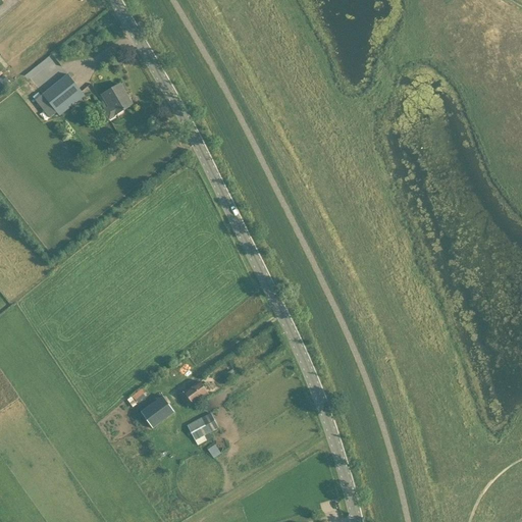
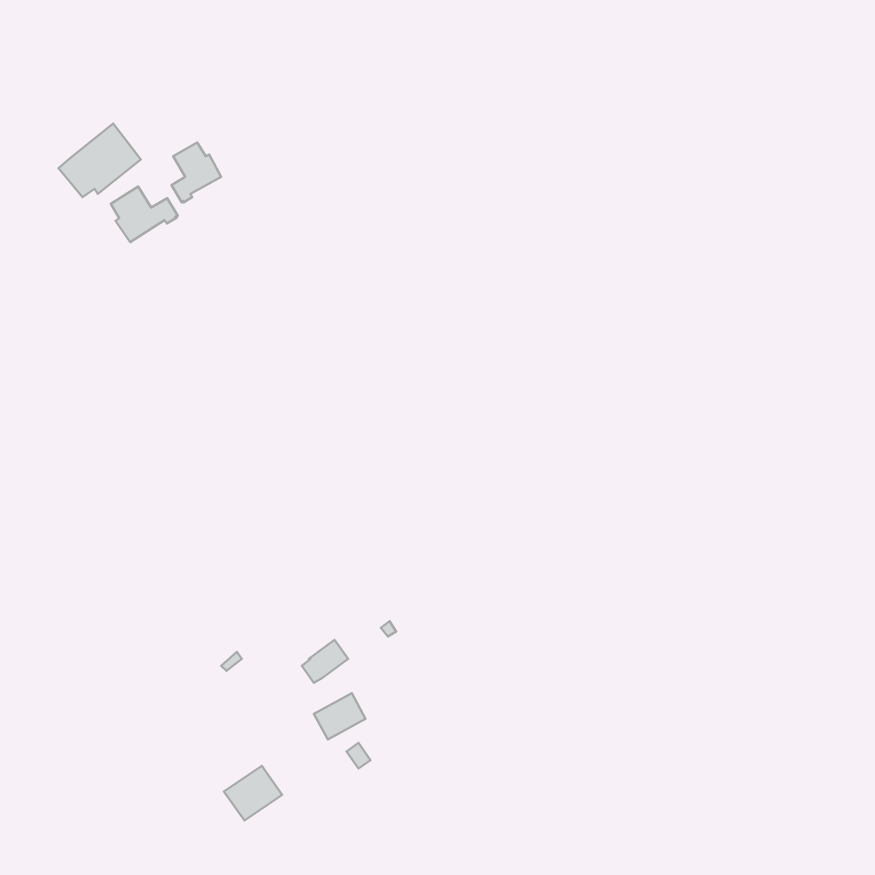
building: none -> [111,187,178,242]
building: [140,395,174,427] -> [224,766,282,821]

